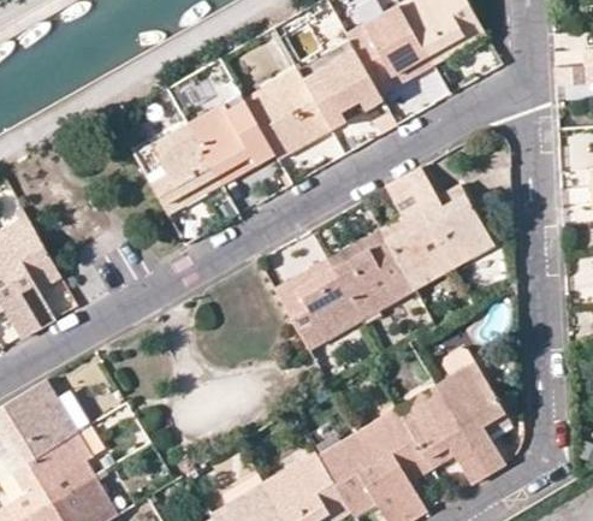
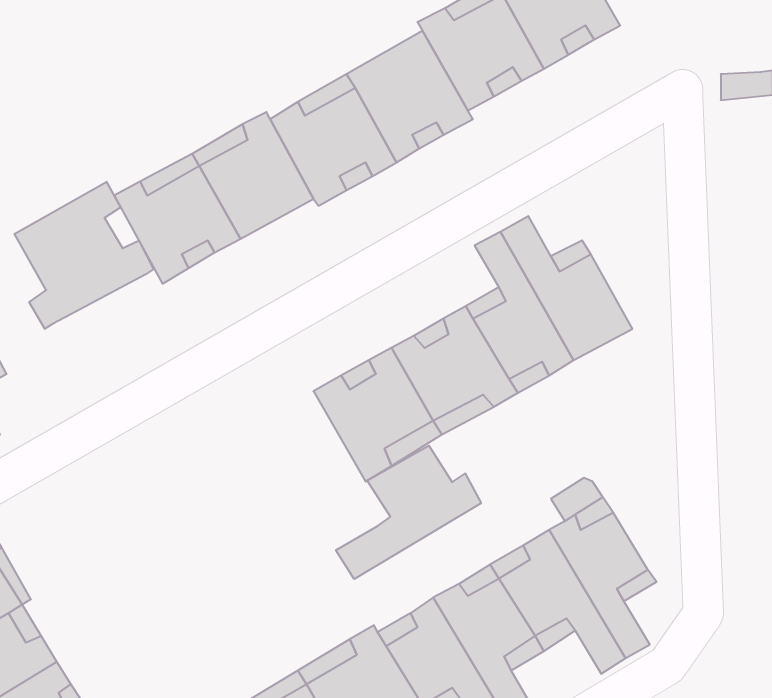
building: none -> [15,182,153,329]
building: none -> [336,446,481,579]

